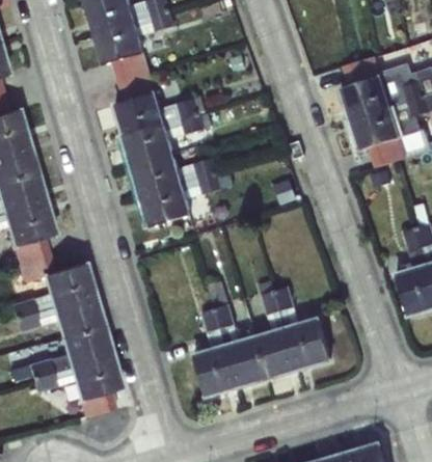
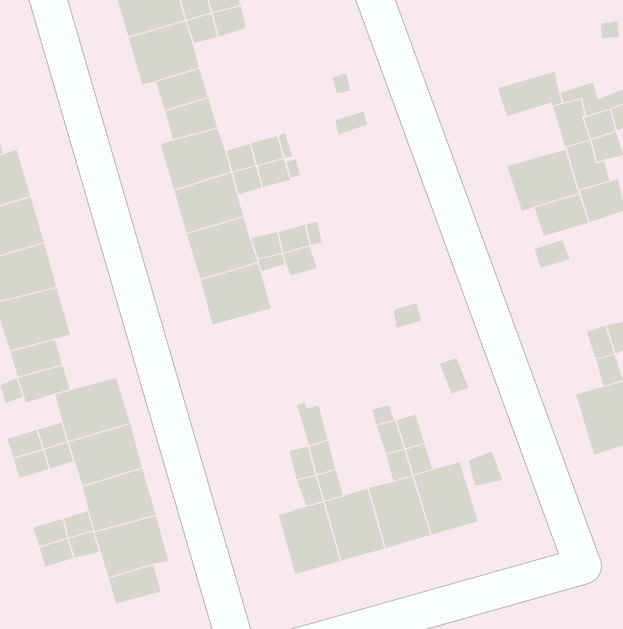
building: [341,76,390,118] -> none

